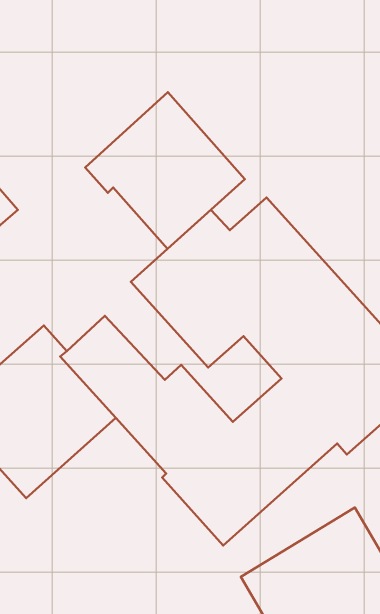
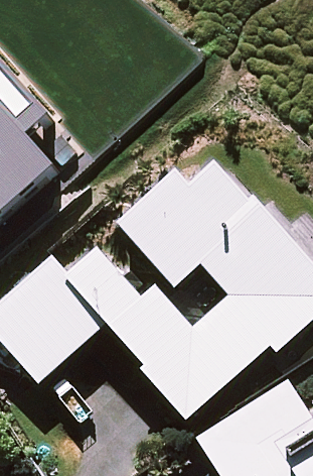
building: [85,92,245,249] -> none

